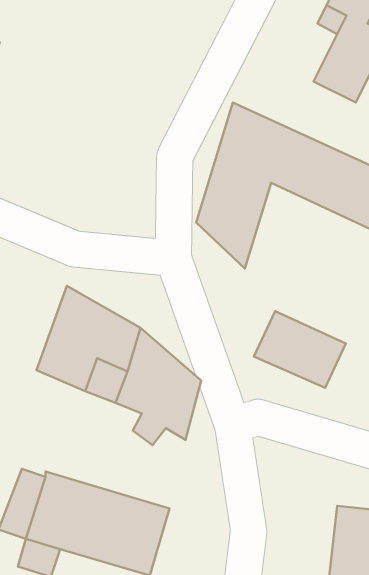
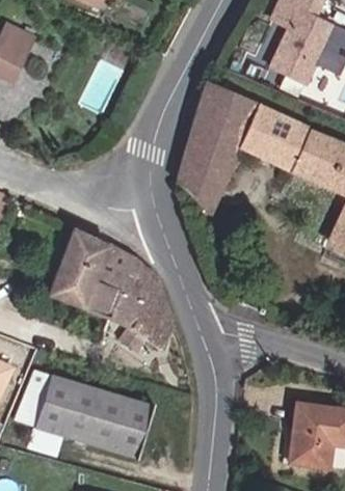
building: [254,311,346,388] -> none

